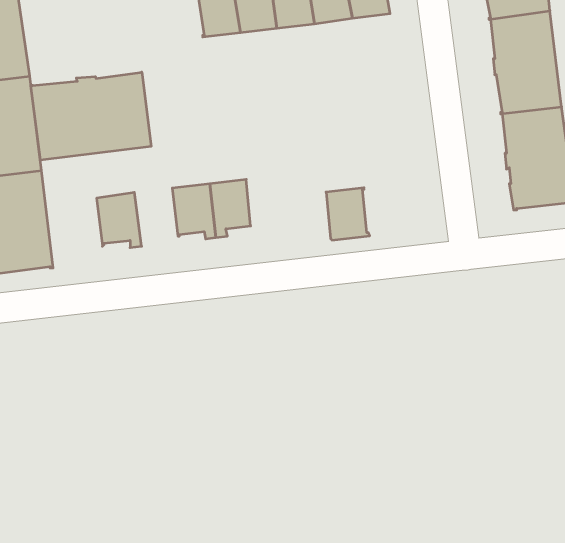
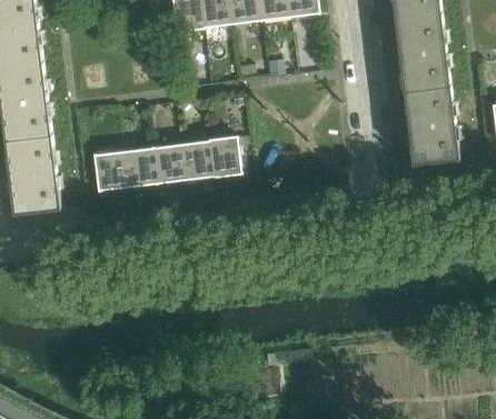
building: [31,72,151,160] -> none
building: [326,188,370,240] -> [208,137,241,177]
building: none -> [122,147,156,191]

